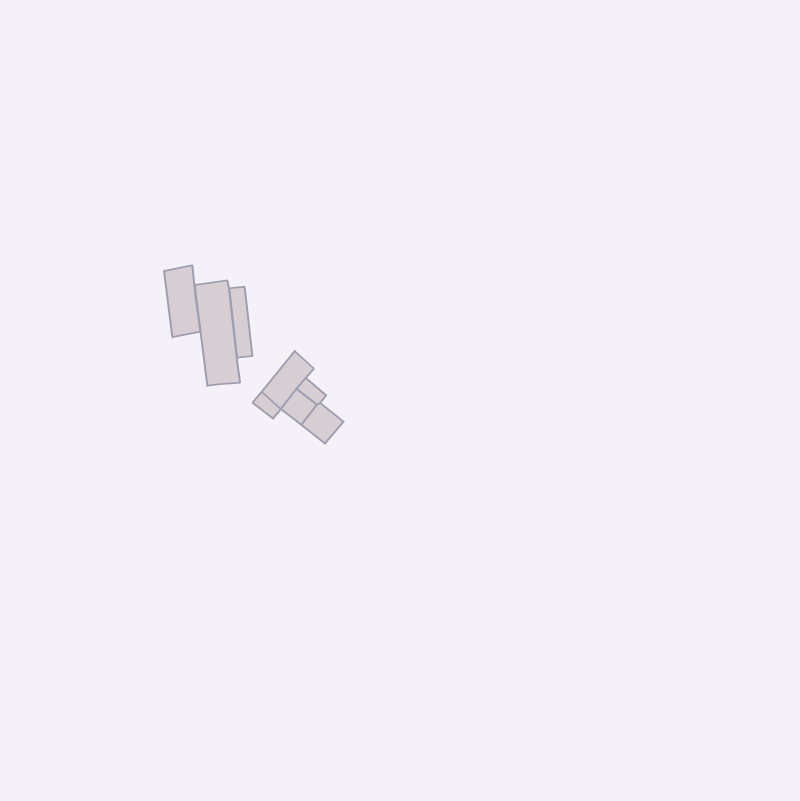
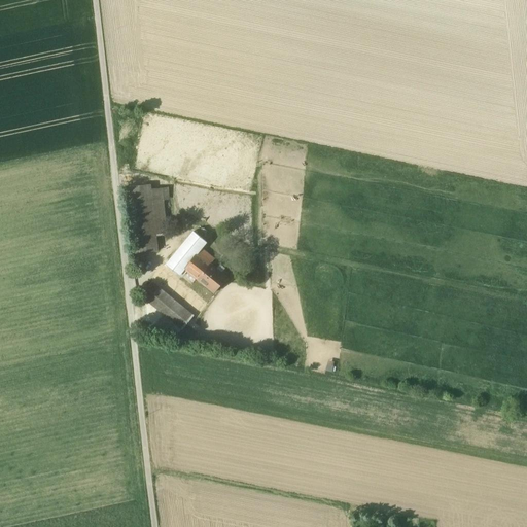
building: [164,265,200,337] -> none
building: none -> [141,282,194,329]

